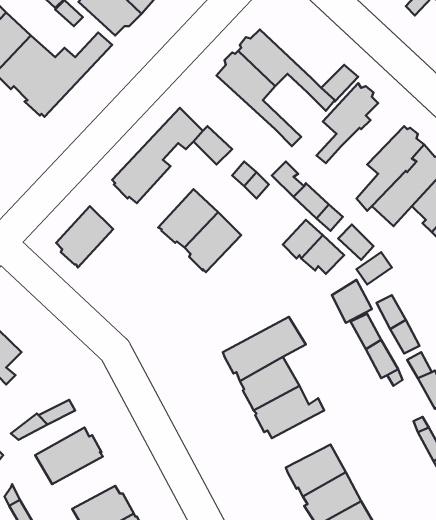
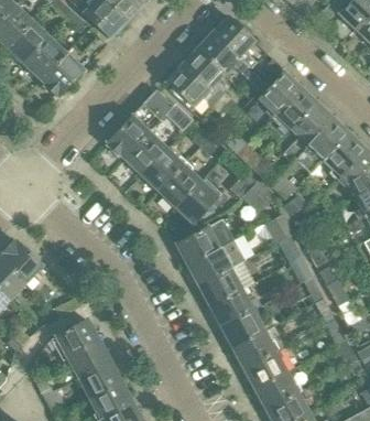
building: none -> [214,17,257,68]
building: none -> [167,66,225,111]
building: none -> [272,86,317,130]
building: [56,206,113,268] -> [126,131,166,175]
building: none -> [175,175,228,223]
building: none -> [177,218,235,265]
building: none -> [222,310,264,347]
building: none -> [65,339,110,377]

